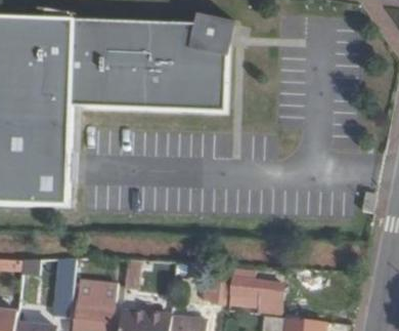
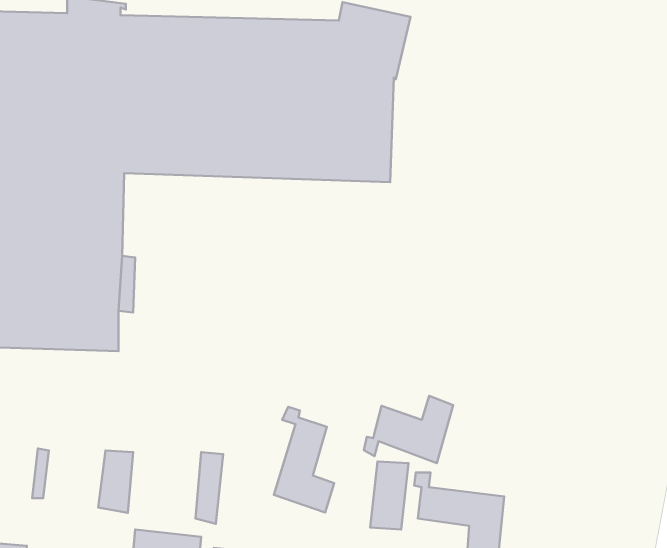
building: none -> [364,396,453,463]
building: none -> [274,407,334,513]

